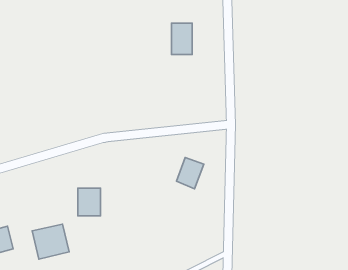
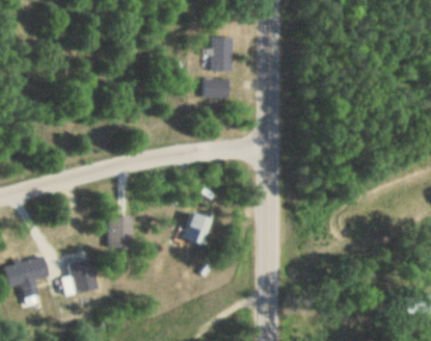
building: none -> [201,79,230,99]
building: [177,157,204,189] -> [182,211,212,245]

